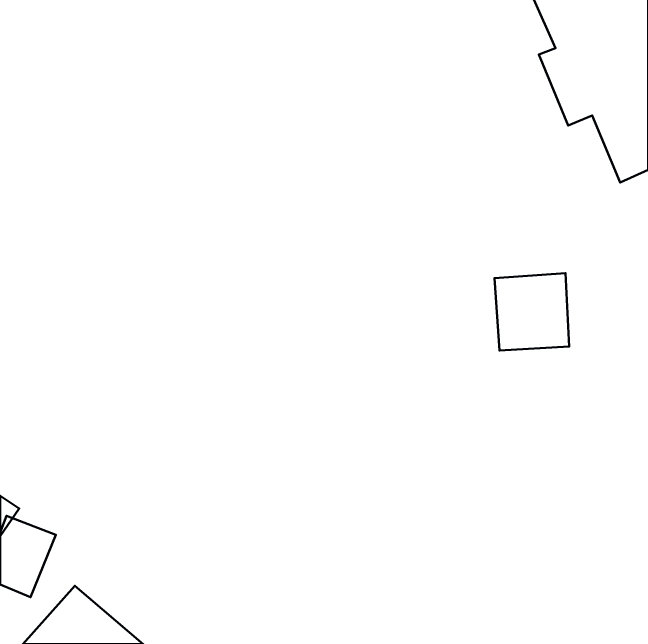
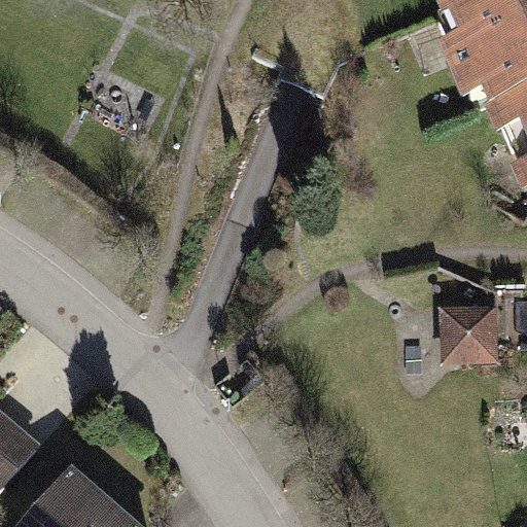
building: [494,273,569,350] -> [446,302,506,364]

